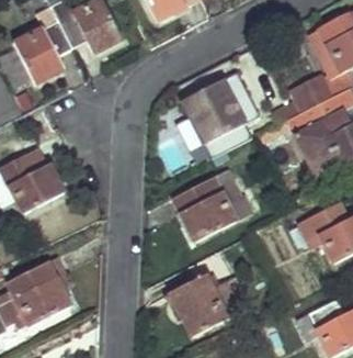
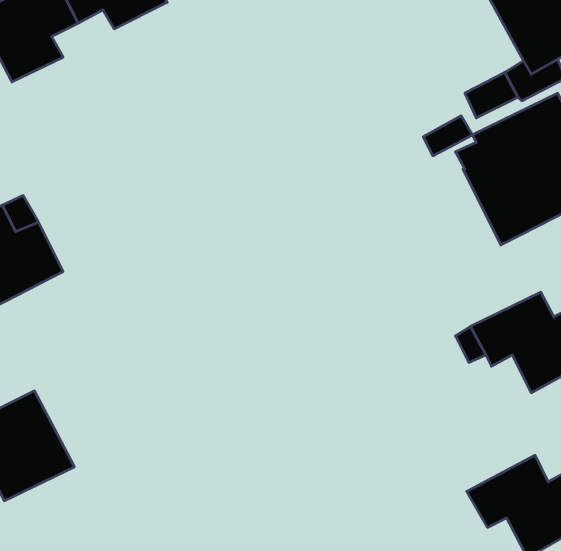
building: [182,80,254,144] -> none
building: [172,169,251,240] -> none
building: [169,275,247,335] -> none

